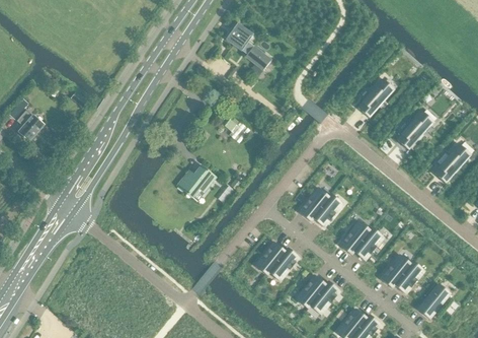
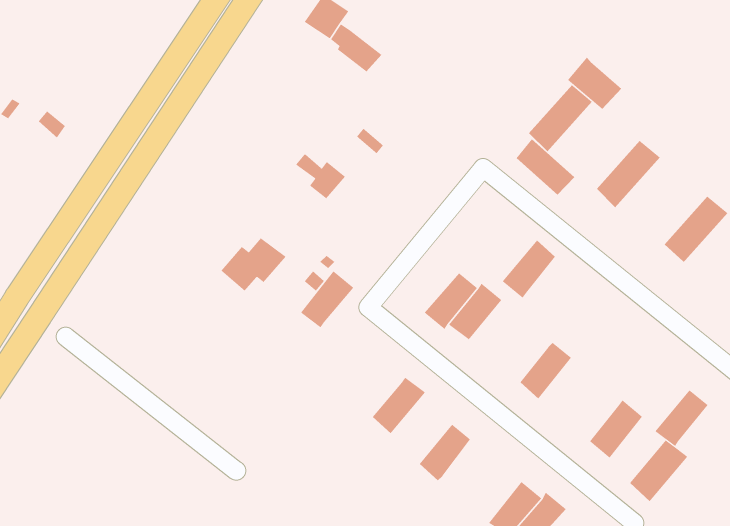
building: none -> [567,57,622,110]
building: none -> [516,138,575,196]
building: [336,219,368,254] -> [502,239,556,299]
building: [251,240,283,273] -> [300,271,354,328]
building: [378,254,409,287] -> [655,389,708,447]
building: [307,280,338,314] -> none

